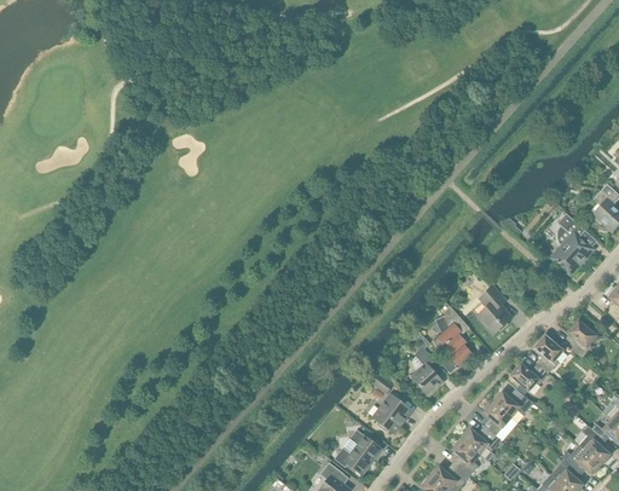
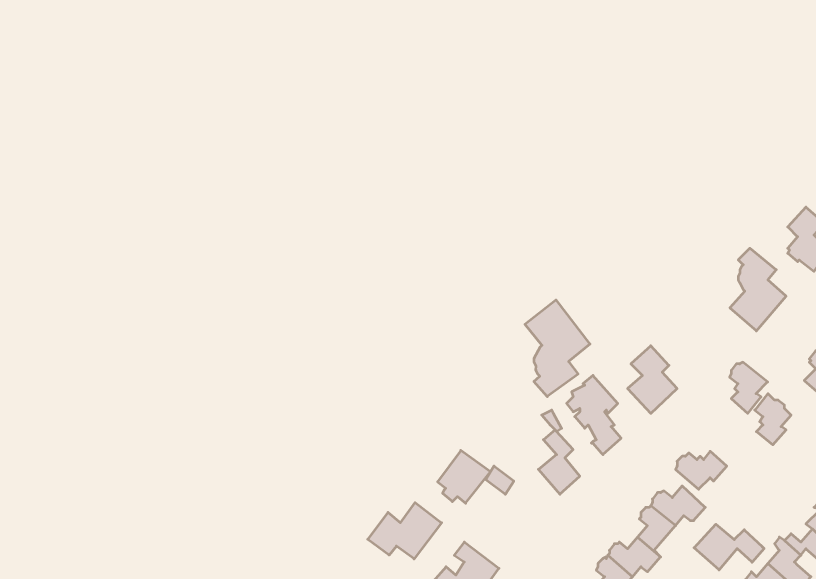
building: none -> [525,300,590,397]
building: [536,335,563,372] -> [730,362,768,413]
building: [374,393,412,432] -> [438,450,490,503]
building: none -> [368,503,442,559]
building: none -> [694,524,764,570]

